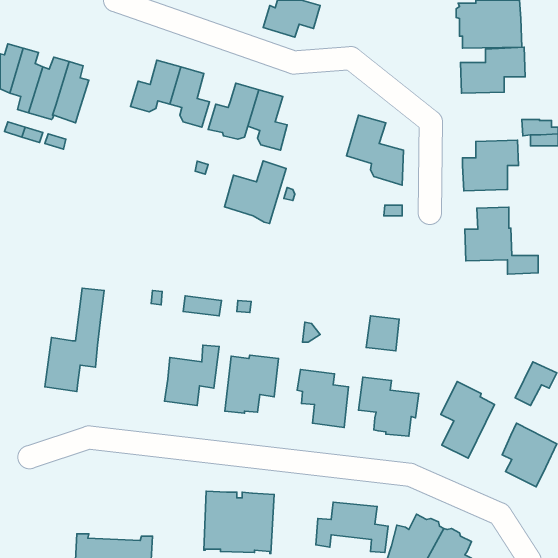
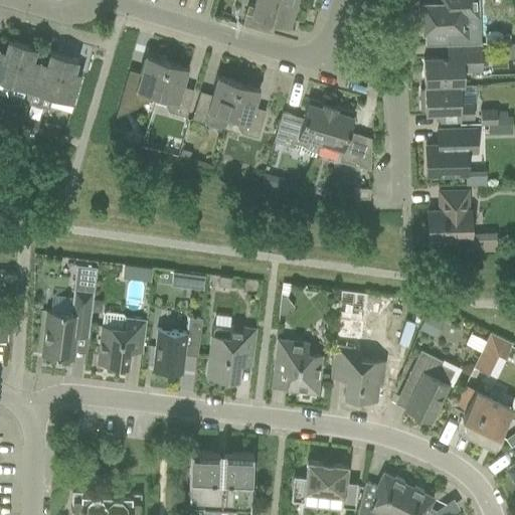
building: none -> [421,87,475,123]
building: [225,161,286,223] -> [275,101,331,158]
building: none -> [99,313,147,369]

